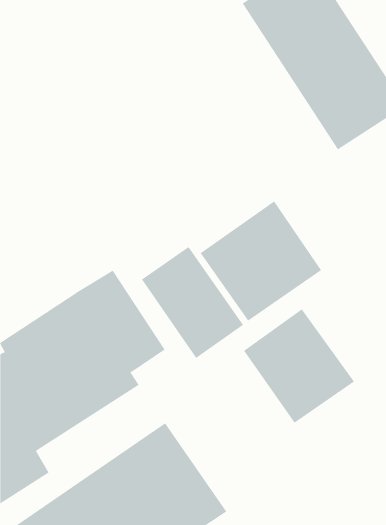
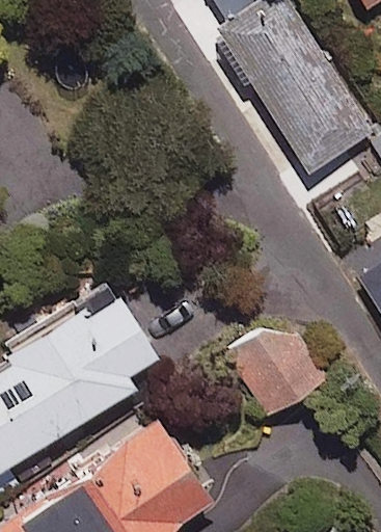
building: [200,201,322,322] -> none
building: [141,246,244,359] -> none

